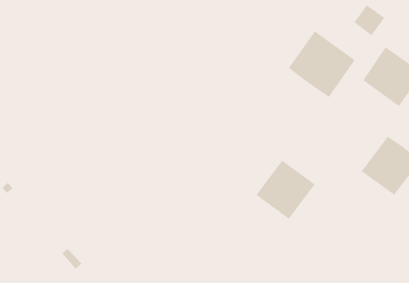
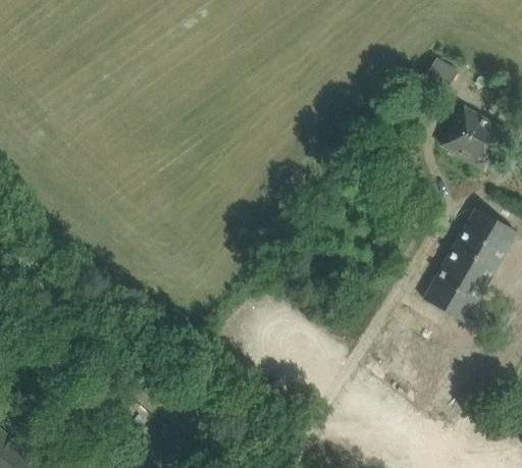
building: [288,30,356,98] -> none
building: [255,160,316,219] -> [421,253,490,322]

